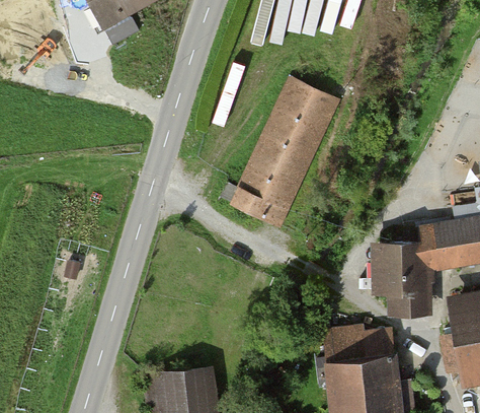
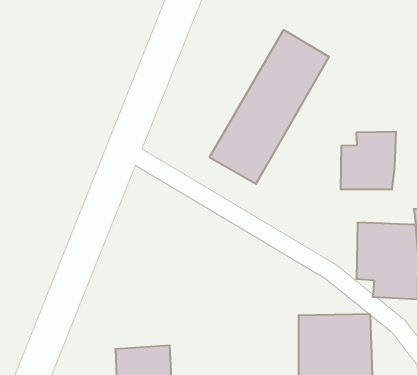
building: none -> [341,132,396,190]

